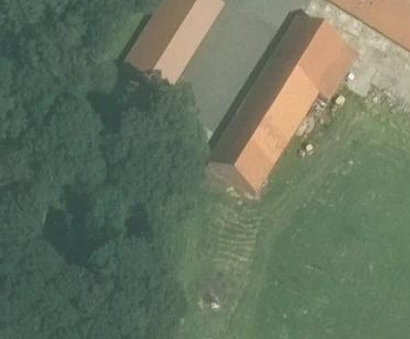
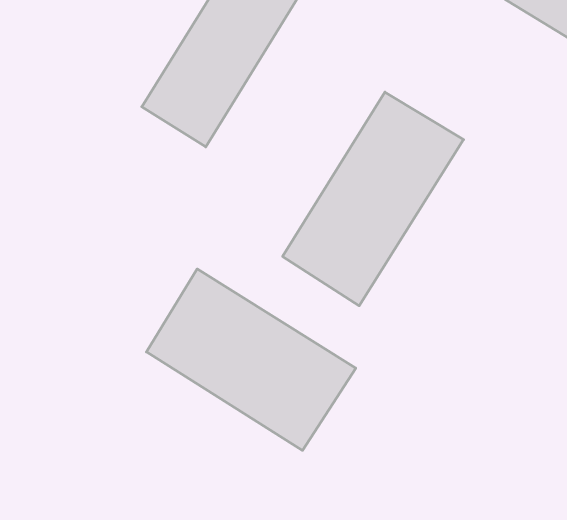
building: [268,16,355,97] -> none
building: none -> [146,269,356,450]

